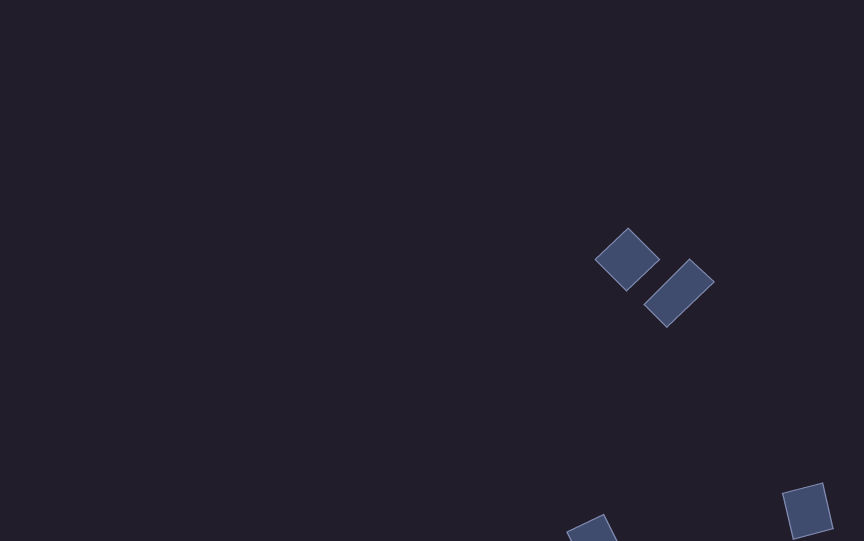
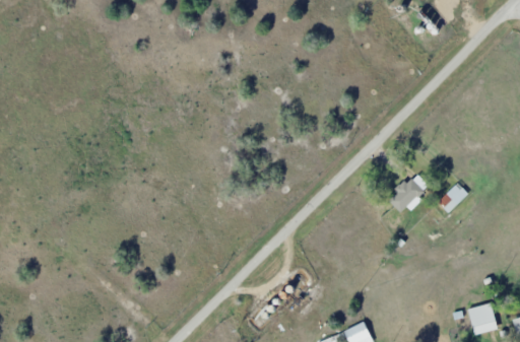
building: [595,228,660,291] -> none
building: none -> [437,183,467,212]

